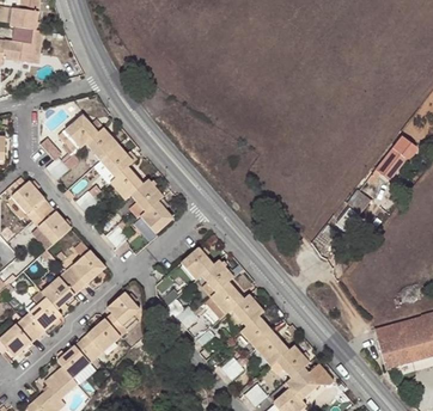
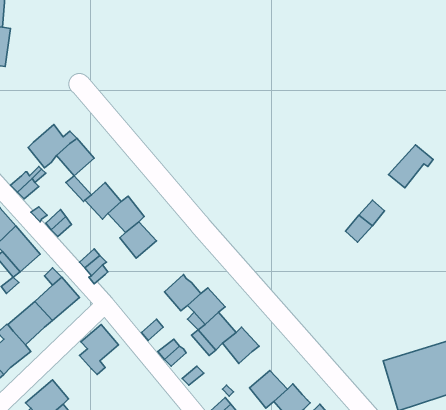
building: [100,145,133,177] -> none
building: [240,315,274,348] -> none
building: [81,319,121,357] -> none

